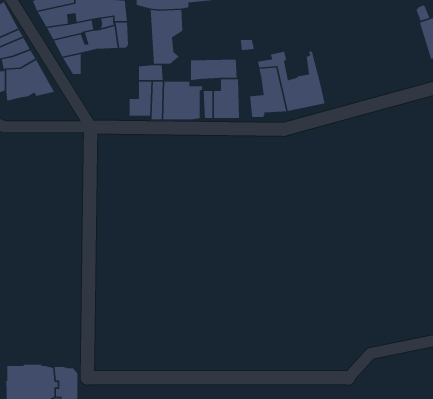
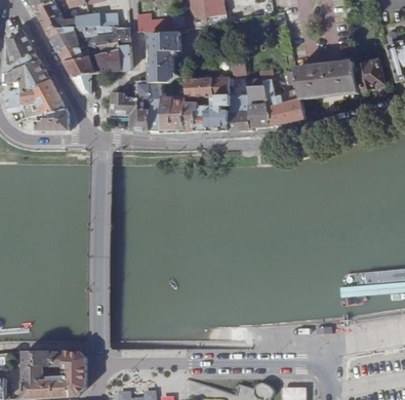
building: none -> [294,58,358,99]
building: none -> [359,59,386,89]
building: none -> [227,77,250,131]
building: none -> [113,92,139,113]
building: none -> [35,108,69,130]

